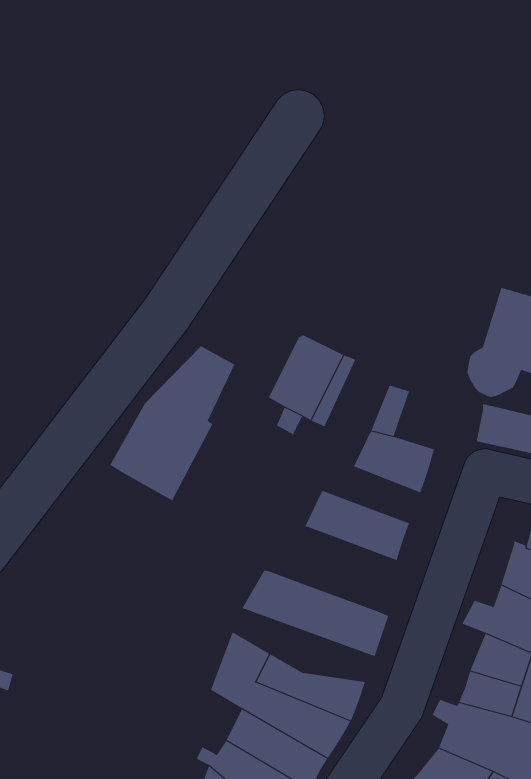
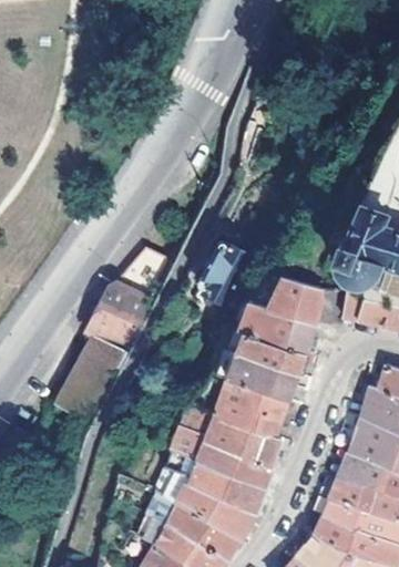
building: none -> [285,281,320,322]
building: none -> [234,330,304,374]
building: none -> [58,339,129,426]
building: none -> [219,381,287,436]
building: none -> [171,434,272,486]

